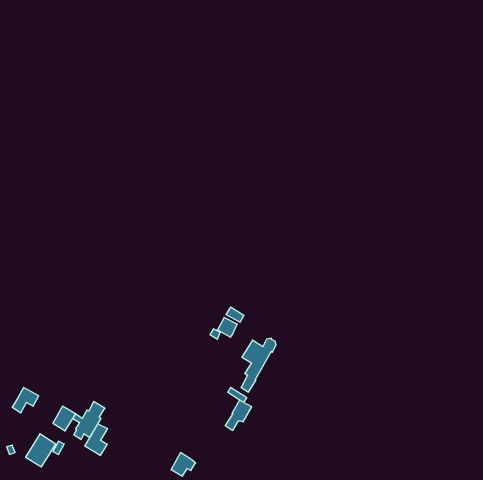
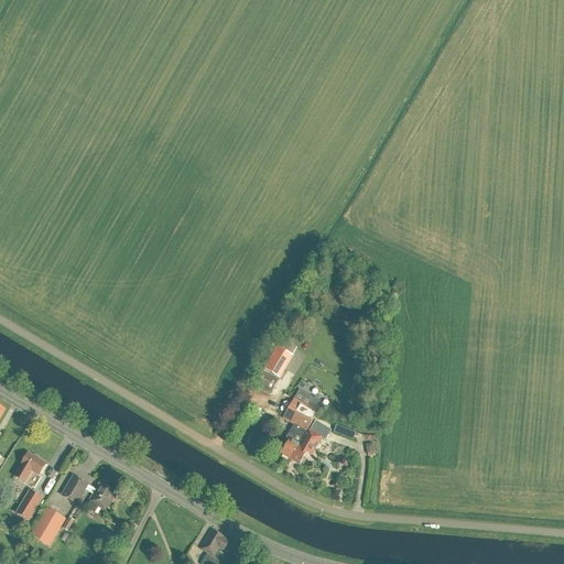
building: [225,400,252,430] -> [290,427,321,463]
building: none -> [14,489,42,520]
building: [85,424,108,455] -> none

